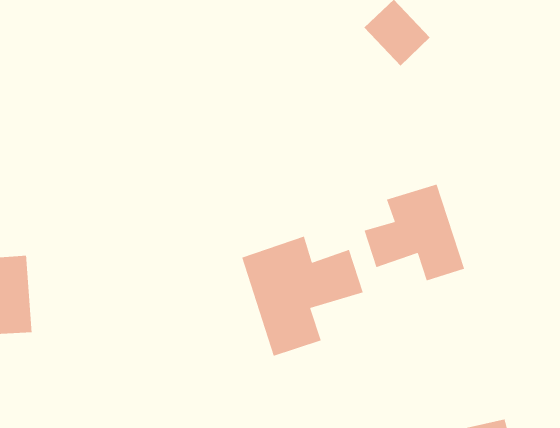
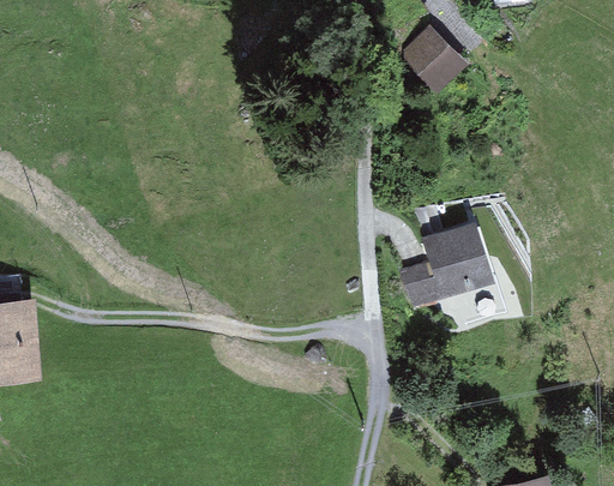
building: [241,236,364,357] -> none

